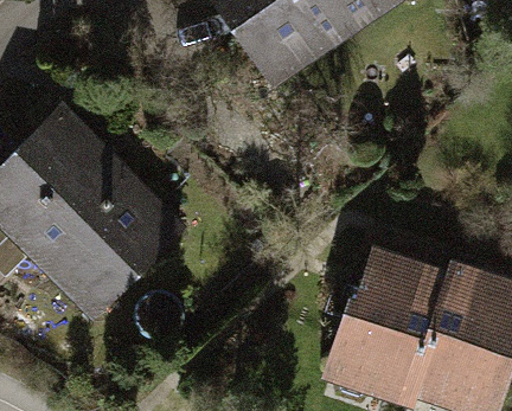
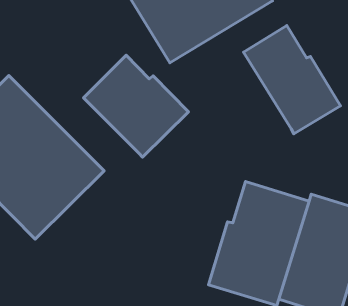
building: none -> [244,26,340,134]
building: none -> [83,55,188,157]

